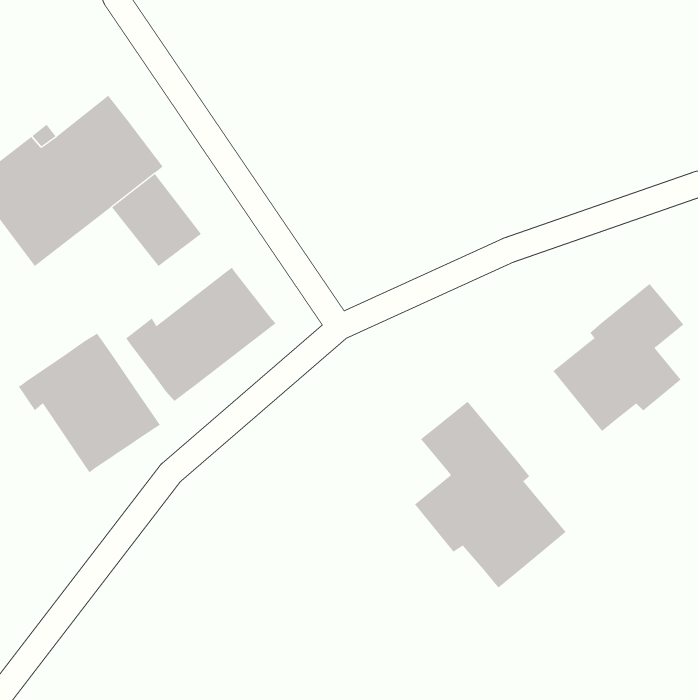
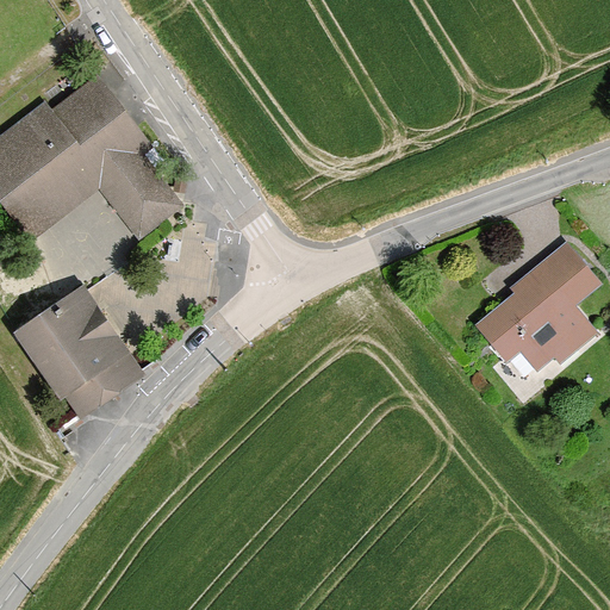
building: [125,267,276,402] -> none
building: [414,401,567,589] -> none

